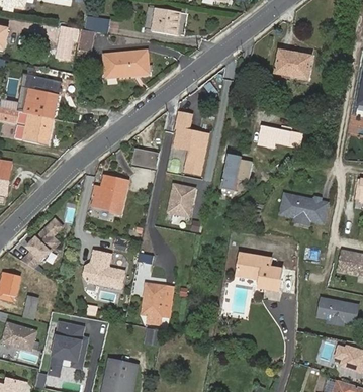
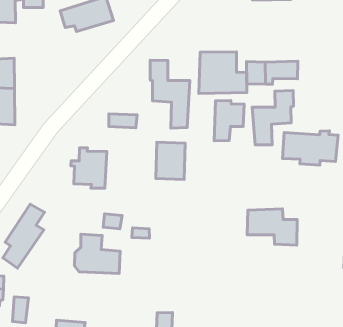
building: none -> [199,52,247,94]
building: none -> [252,90,293,145]
building: [141,284,169,323] -> none

